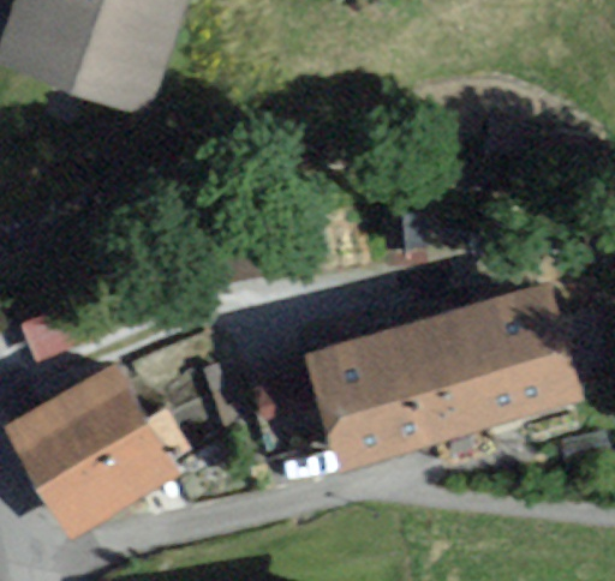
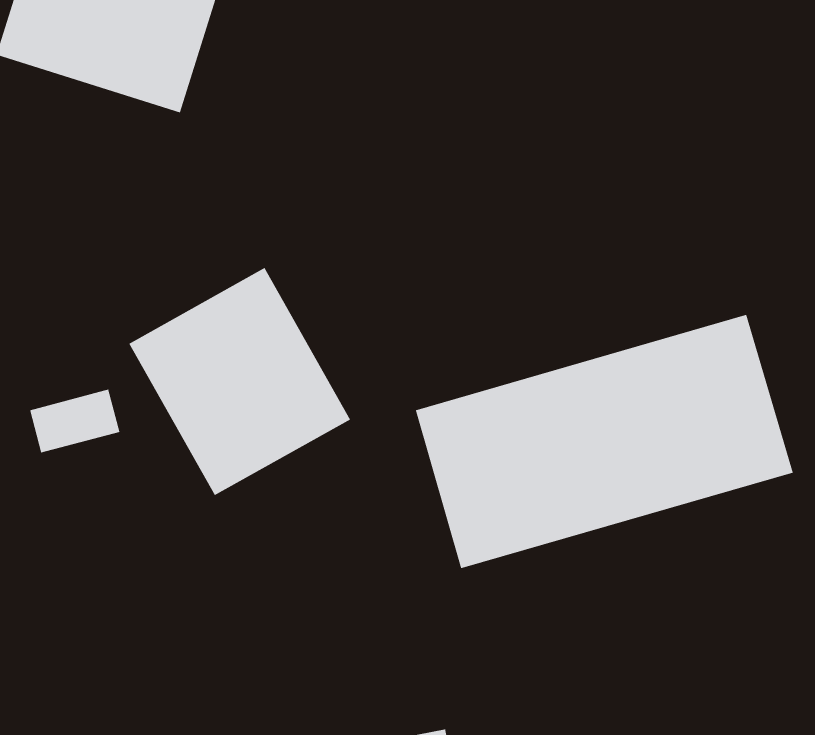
building: [12,348,177,517] -> [128,267,351,496]

